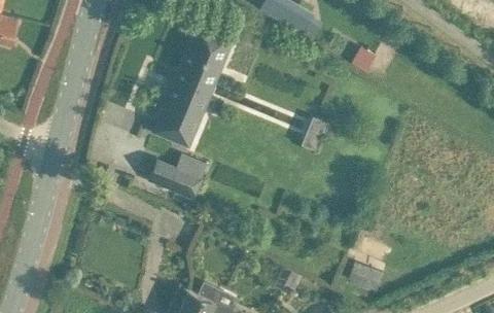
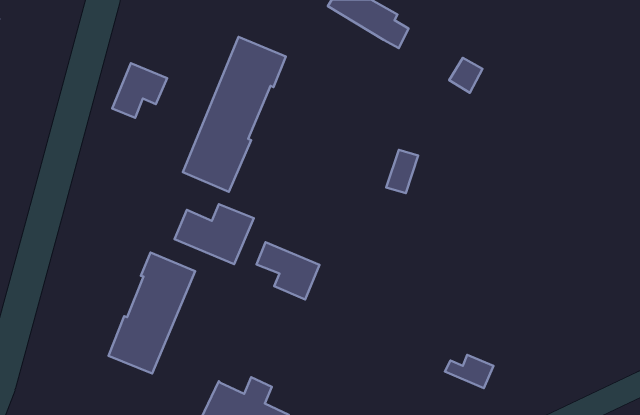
building: none -> [112,63,167,118]
building: none -> [256,242,320,300]
building: none -> [109,253,195,374]

